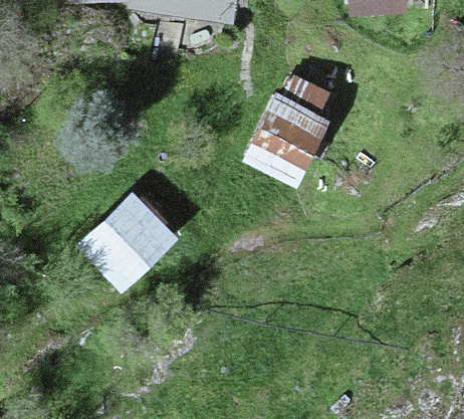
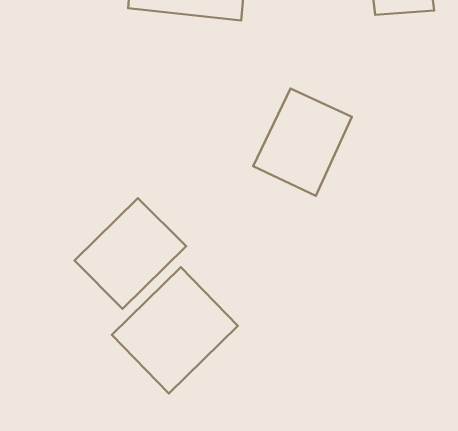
building: none -> [112,267,238,394]

